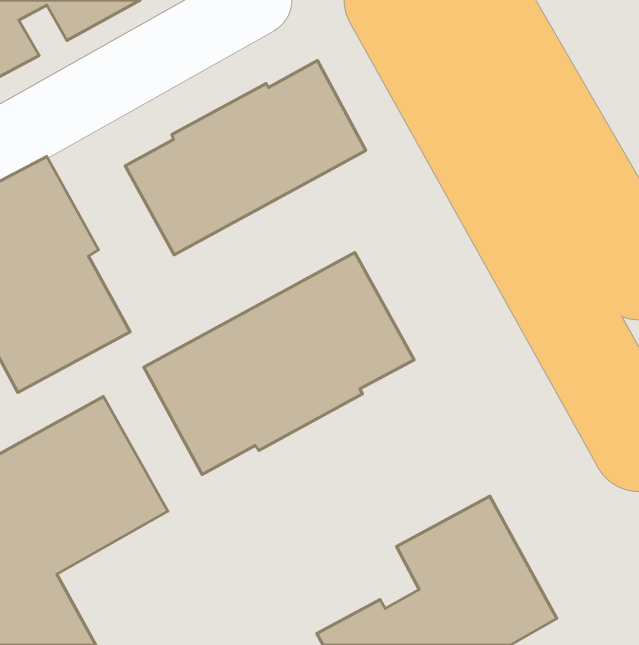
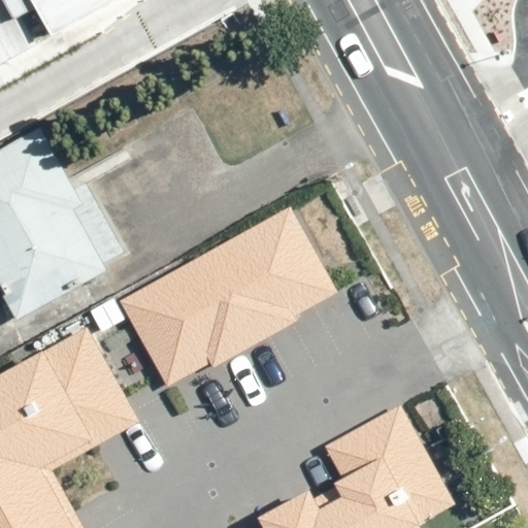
building: [125,60,366,255] -> none

